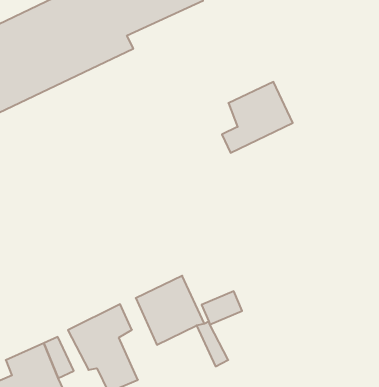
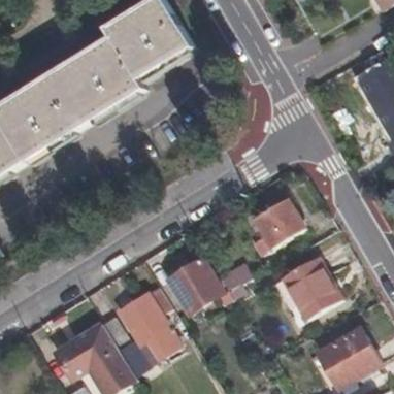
building: [222,82,293,153] -> [251,197,304,256]
building: none -> [283,256,343,320]

